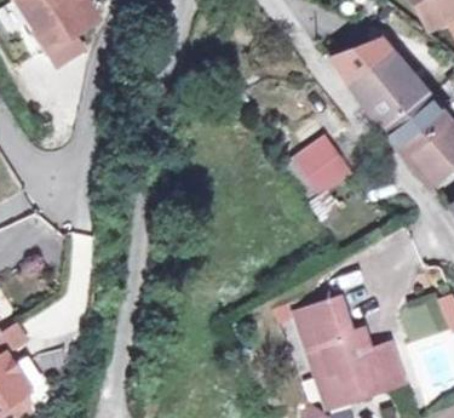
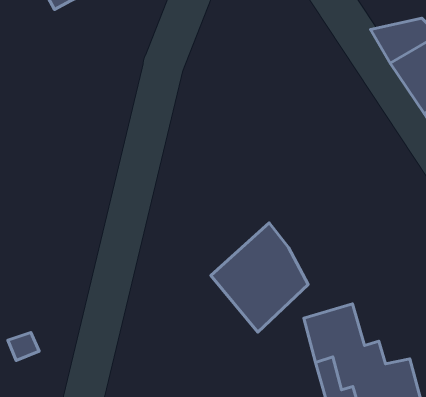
building: [297,136,350,191] -> none
building: none -> [211,223,308,332]

